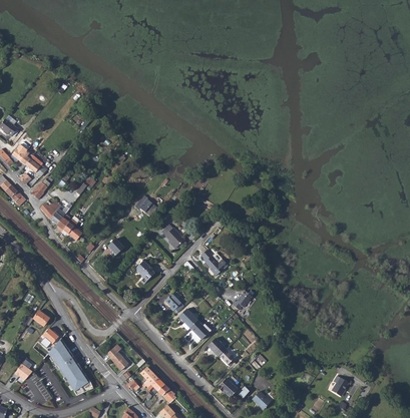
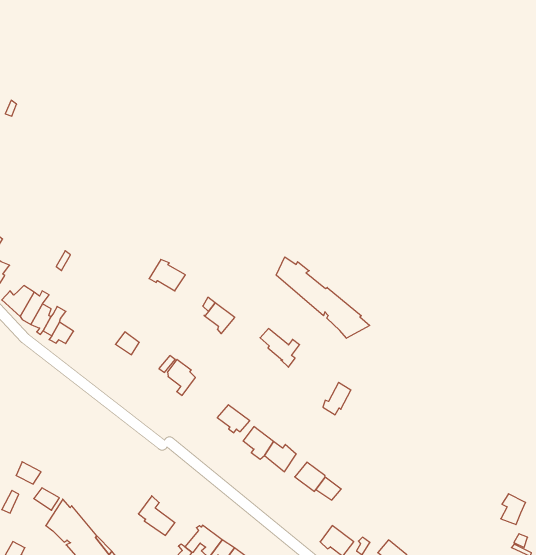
building: none -> [276,257,370,338]

